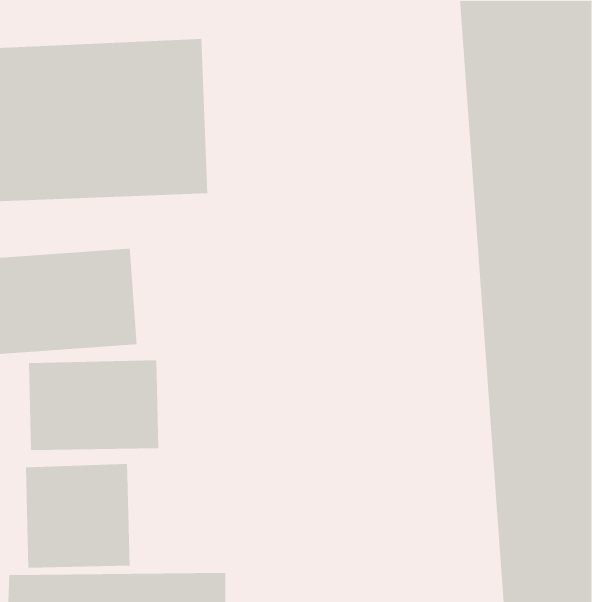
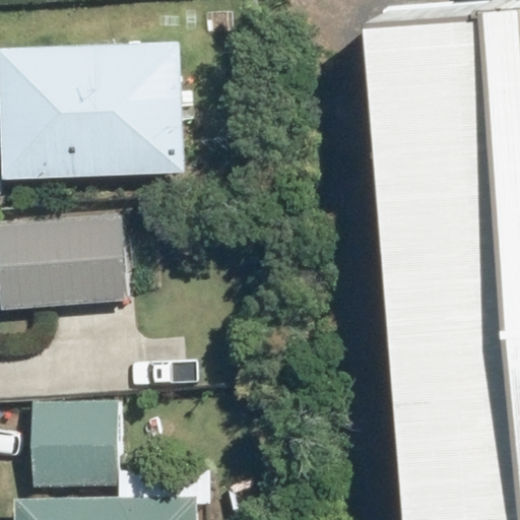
building: [28,360,159,451] -> none

